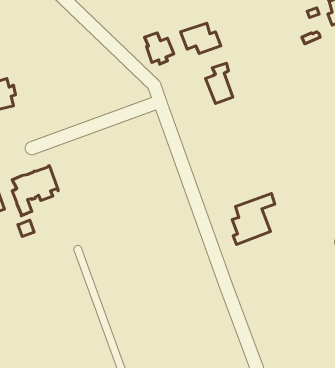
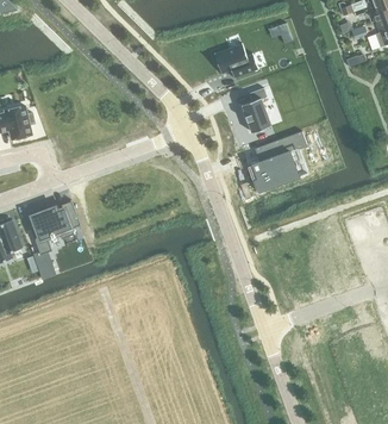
building: [144,33,174,64] -> none
building: [232,193,275,245] -> [258,129,305,185]

